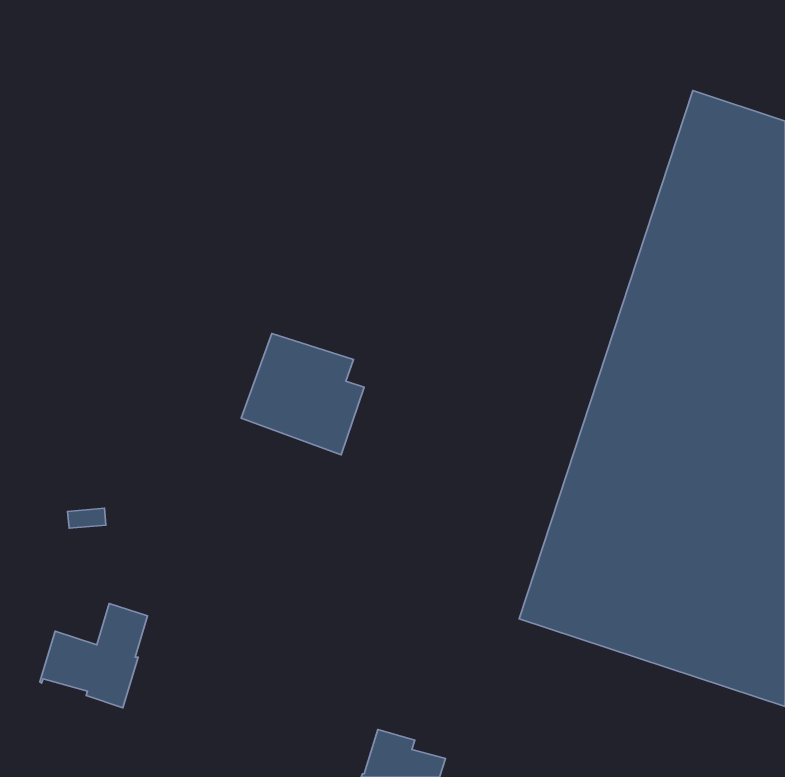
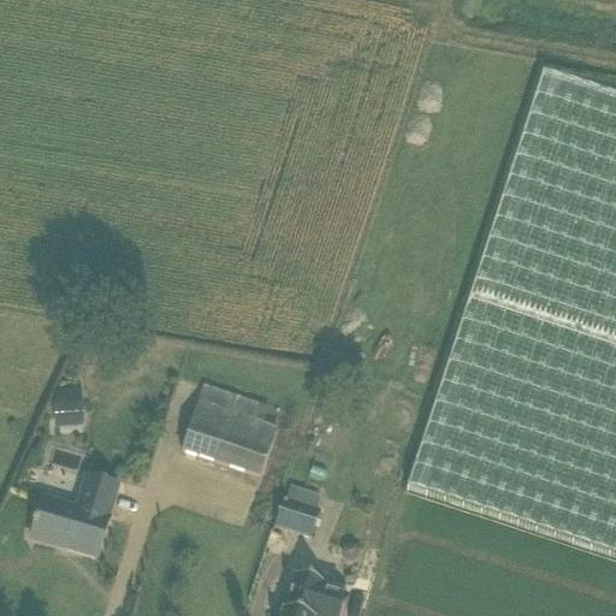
building: [241,334,364,455] -> [180,383,277,478]
building: none -> [277,481,321,537]

